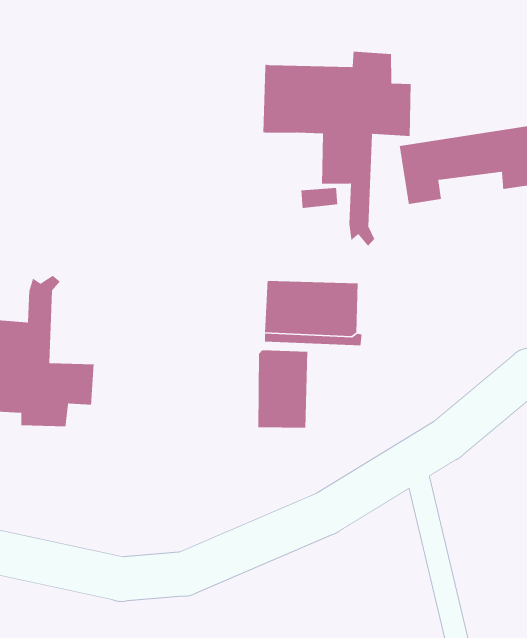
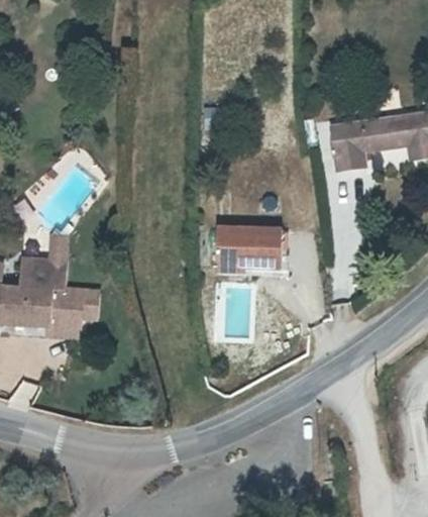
building: [263,51,412,247] -> none
building: [257,350,308,428] -> none

